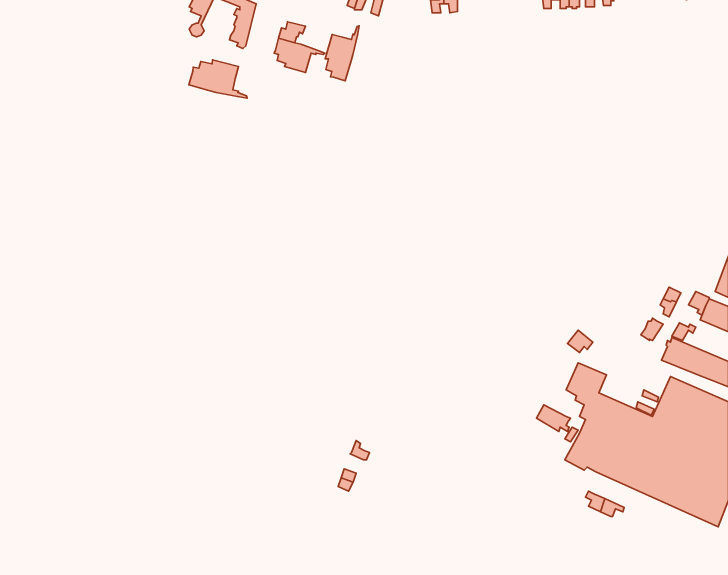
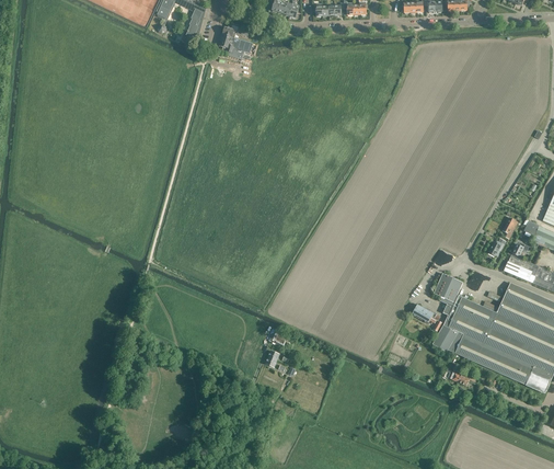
building: [325,26,359,81] -> none
building: [189,60,247,98] -> none

